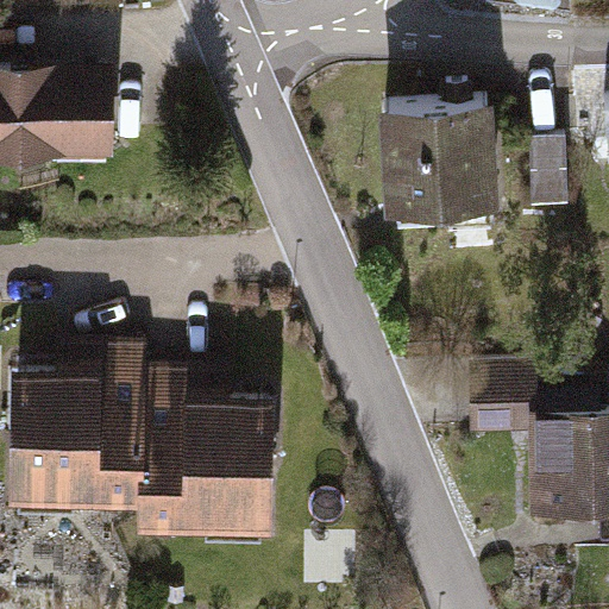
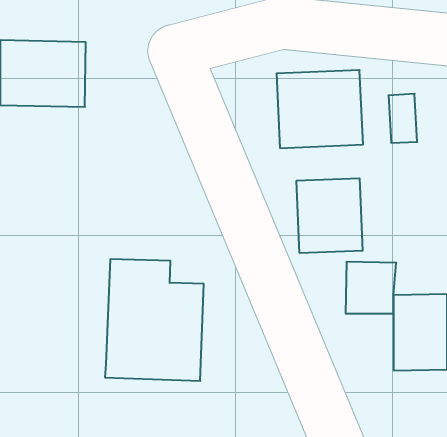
building: none -> [297,178,363,253]
building: [11,340,150,509] -> none

